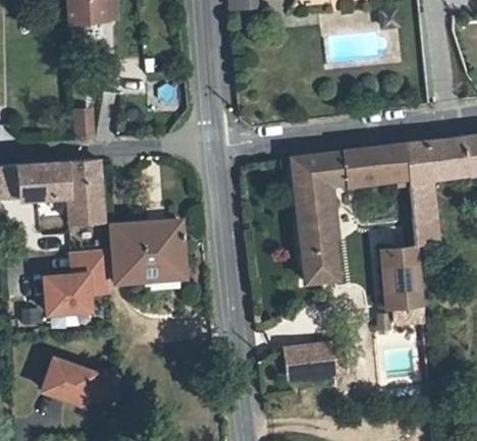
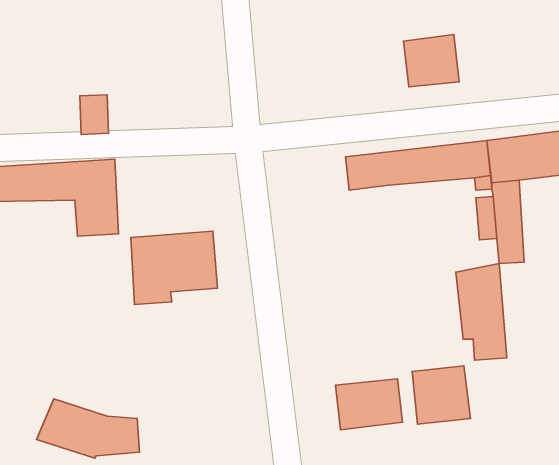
building: none -> [404,35,459,87]
building: [294,181,336,280] -> none
building: [46,250,113,312] -> none
building: none -> [412,366,470,424]

